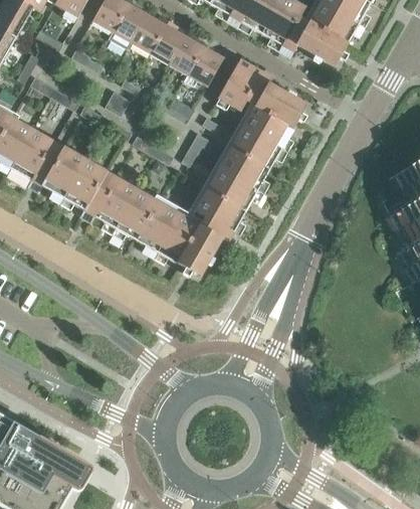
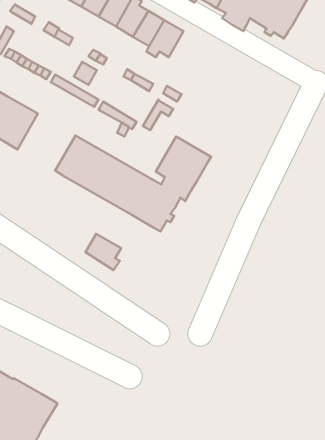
building: [216,57,305,193] -> none
building: [43,146,107,208] -> none
building: none -> [86,234,121,270]

